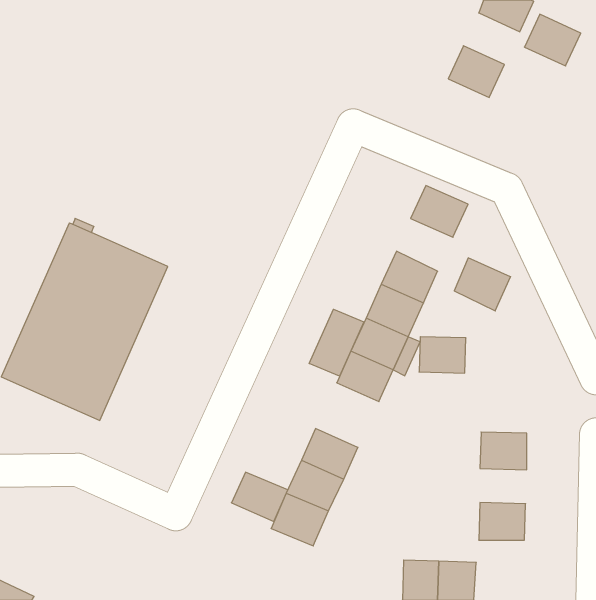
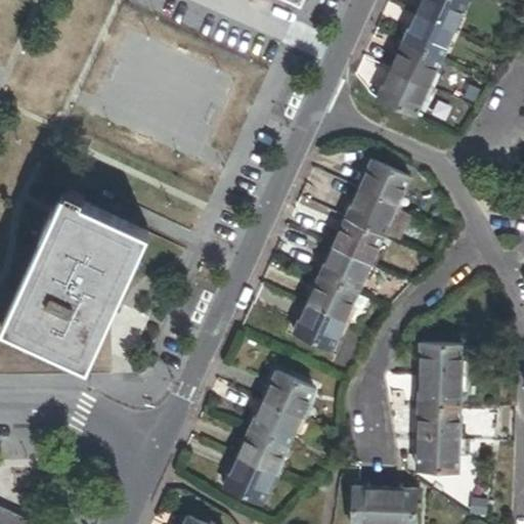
building: [524,14,581,66] -> [404,11,453,56]
building: none -> [378,69,427,115]
building: [454,258,511,311] -> [346,190,395,236]
building: [309,309,364,376] -> none
building: [419,337,466,373] -> [420,346,461,378]
building: none -> [419,408,460,439]
building: [231,472,288,521] -> [224,461,273,504]

